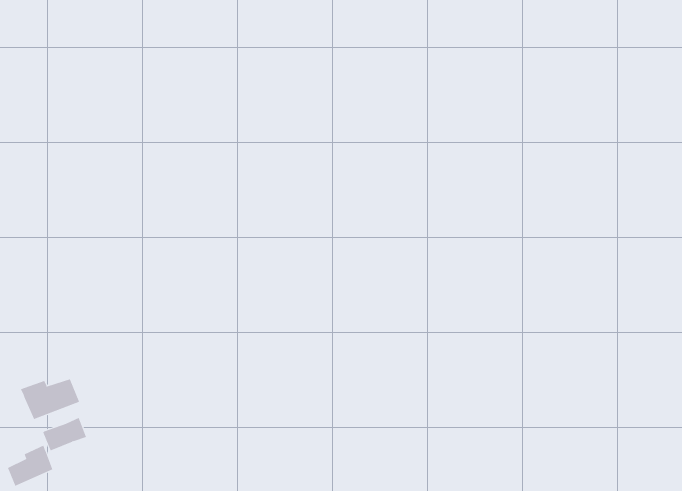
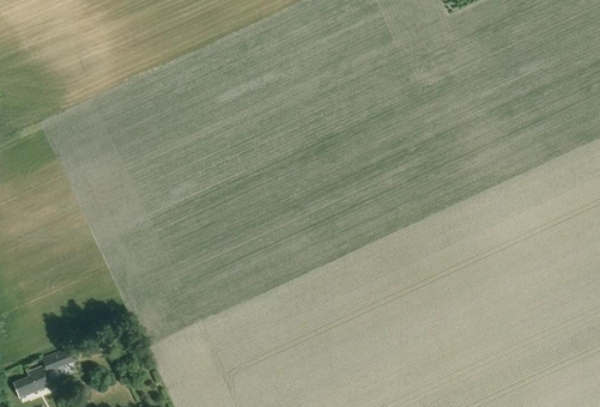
building: [20,378,80,420] -> none

